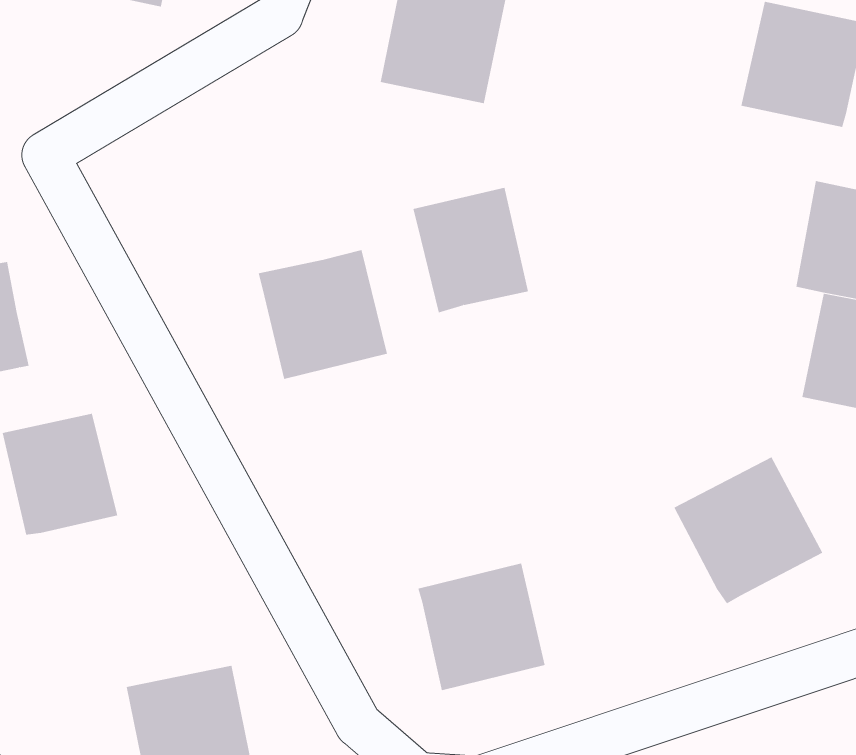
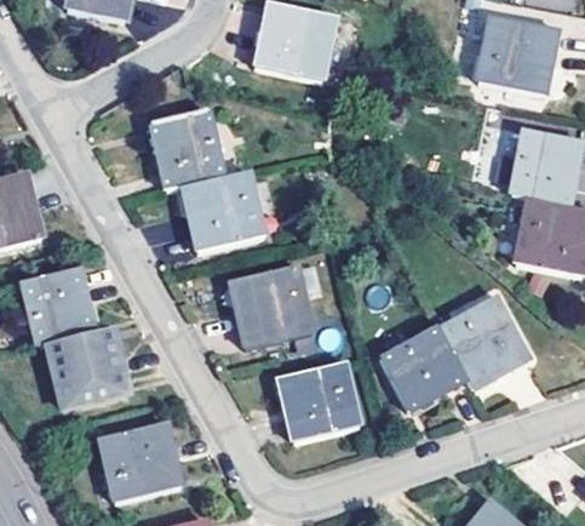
building: [413,187,529,313] -> [149,110,220,188]
building: none -> [229,265,309,347]
building: none -> [379,326,463,408]
building: none -> [47,328,125,407]

